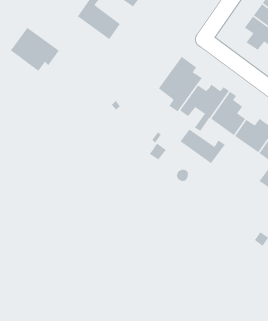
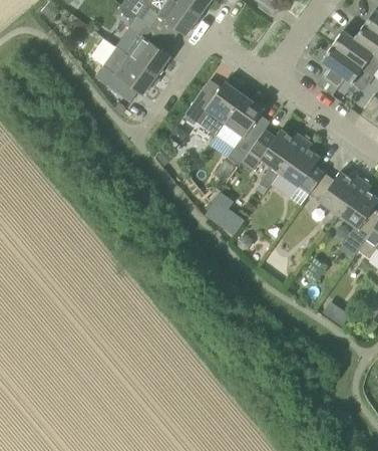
building: [10,27,60,72] -> [95,47,156,102]
building: none -> [183,80,245,136]
building: [179,128,226,164] -> none

